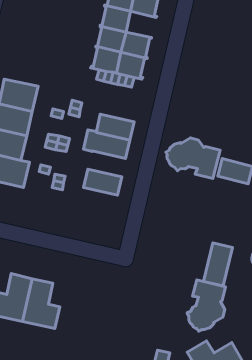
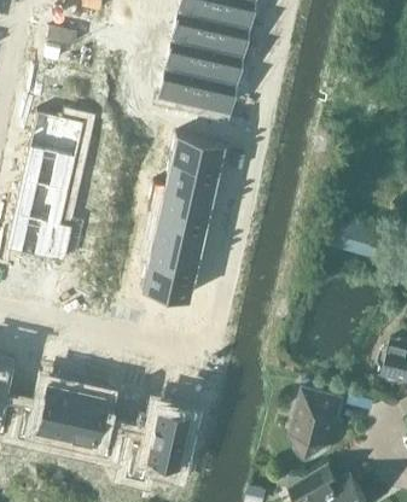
building: none -> [208,17,249,53]
building: none -> [171,133,225,170]
building: [166,138,220,178] -> none
building: none -> [155,210,207,246]
building: none -> [143,261,196,298]
building: [203,243,232,286] -> none
building: none -> [127,405,191,480]

